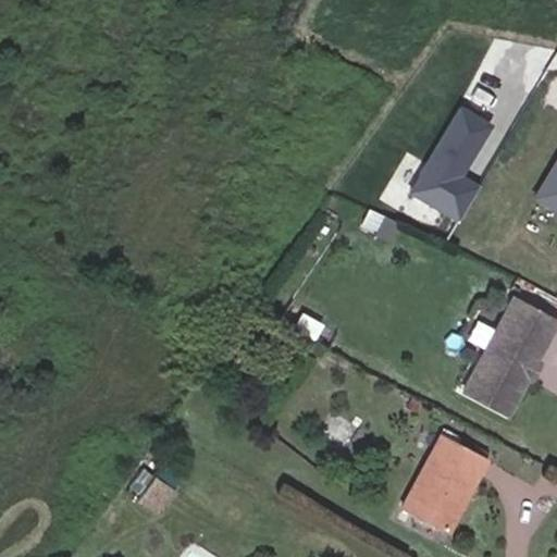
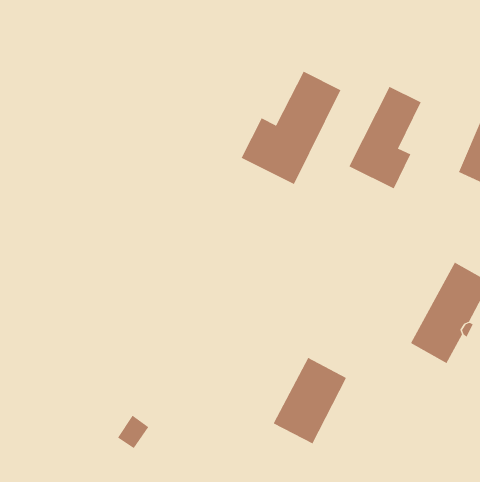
building: none -> [241,71,341,185]
building: [404,435,488,535] -> [273,357,347,444]

